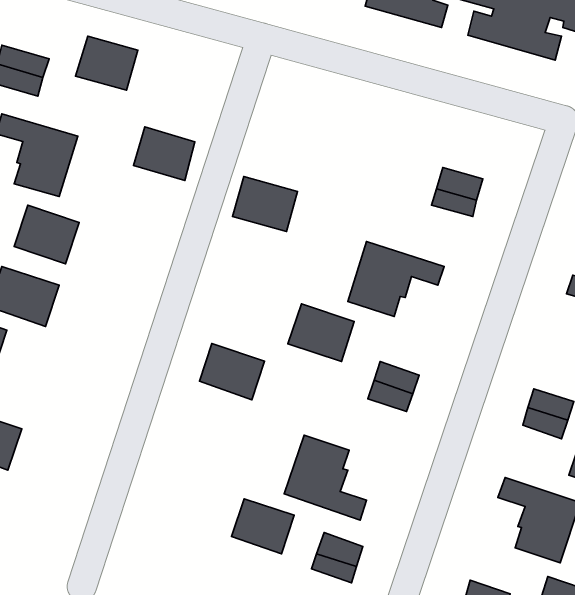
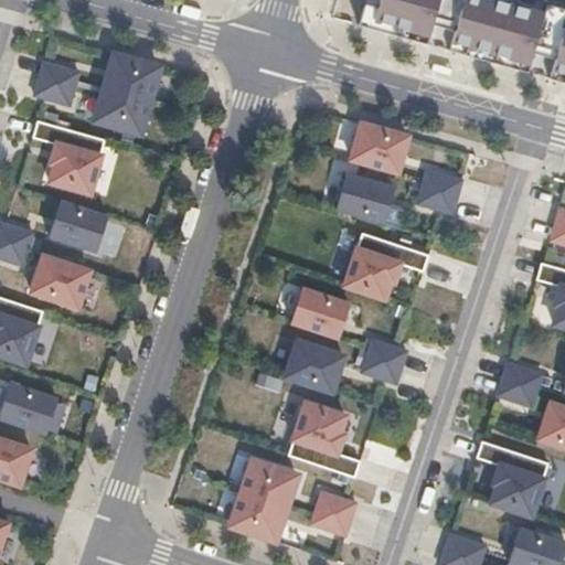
building: none -> [351,121,408,171]
building: [134,127,195,181] -> [95,87,149,135]
building: [233,177,298,232] -> [335,173,393,222]
building: [199,344,264,400] -> [285,342,342,392]
building: none -> [232,494,286,540]

